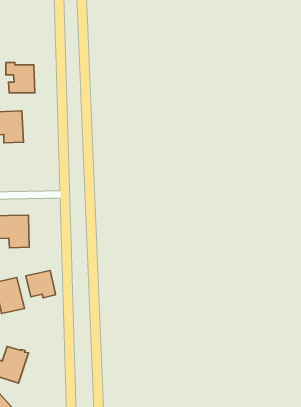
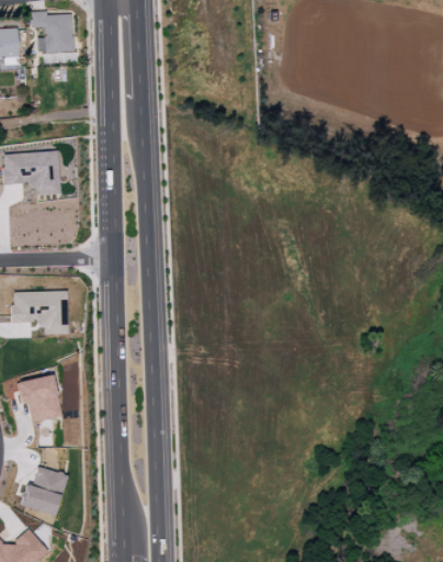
building: [6,62,35,93] -> [34,11,72,52]
building: [26,270,56,298] -> none

